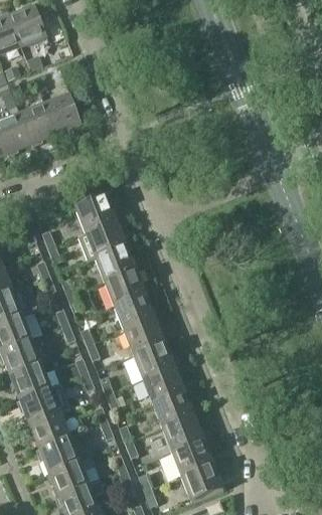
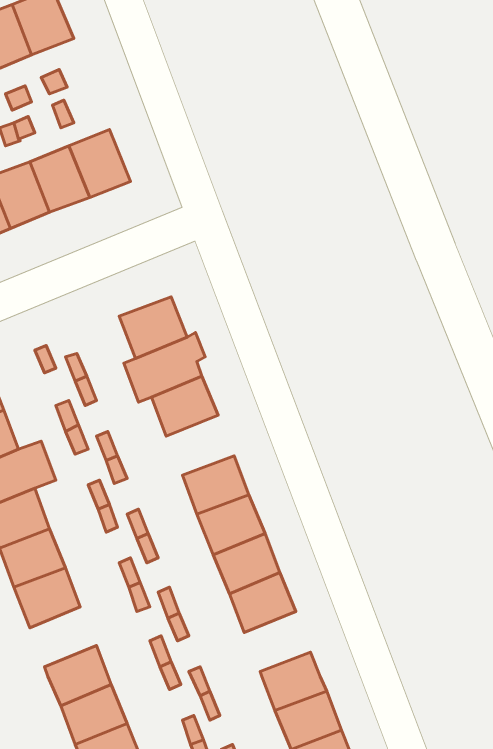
building: [104,269,146,306] -> none
building: [19,383,70,424] -> none
building: [152,390,193,427] -> none

